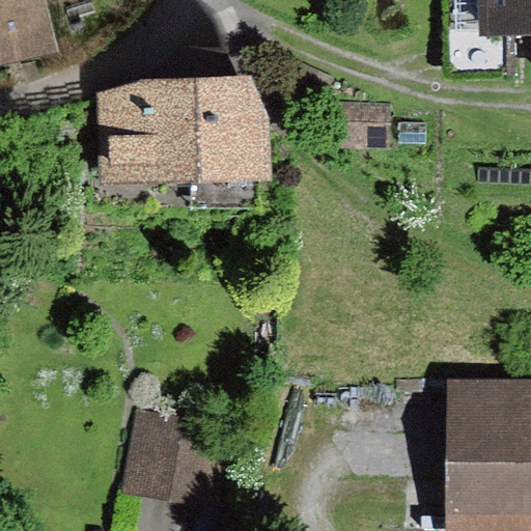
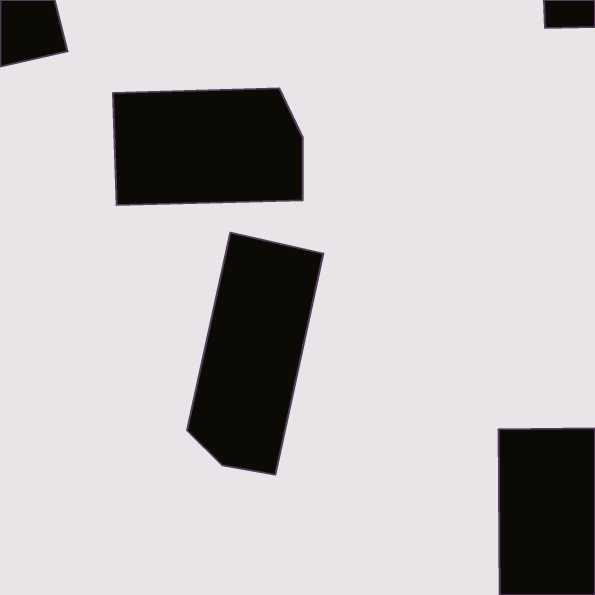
building: none -> [187,233,323,475]
building: [112,423,218,513] -> none

